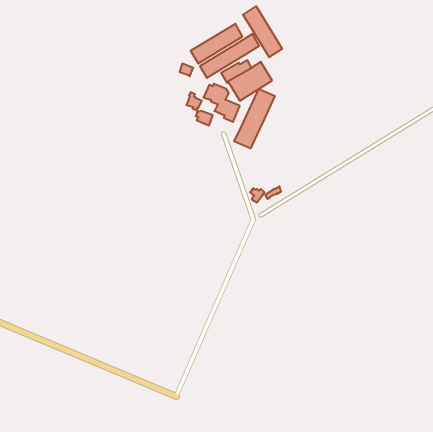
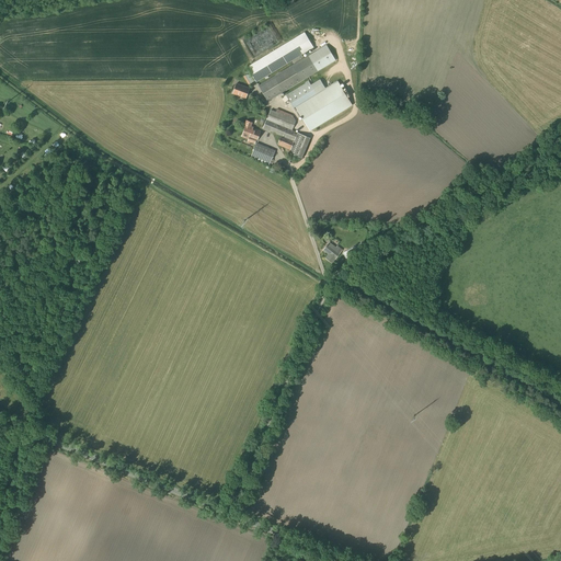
building: [243,6,282,57] -> none
building: [234,89,275,148] -> none

